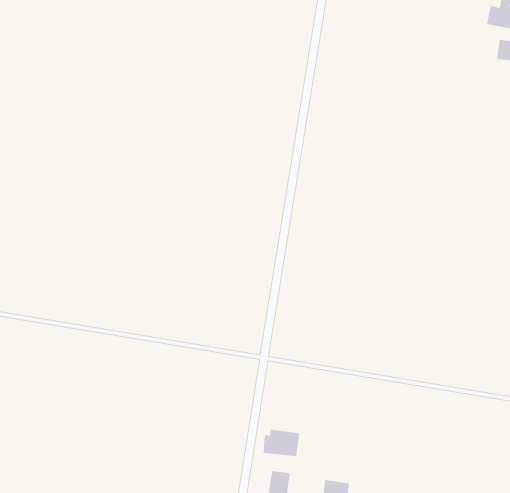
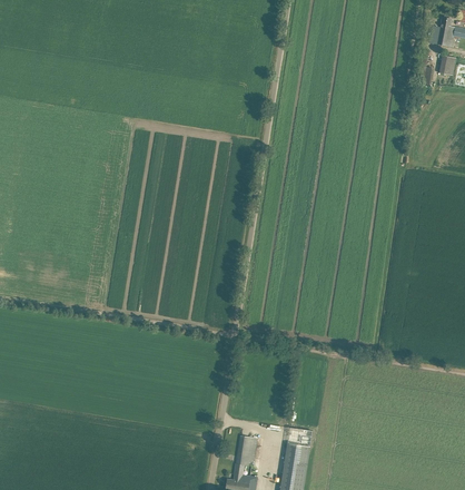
building: [263,429,300,457] -> none

